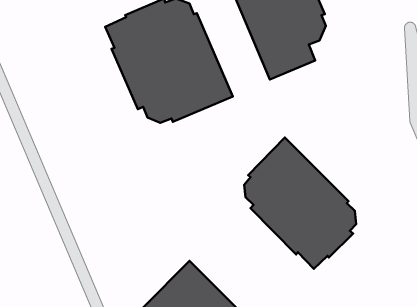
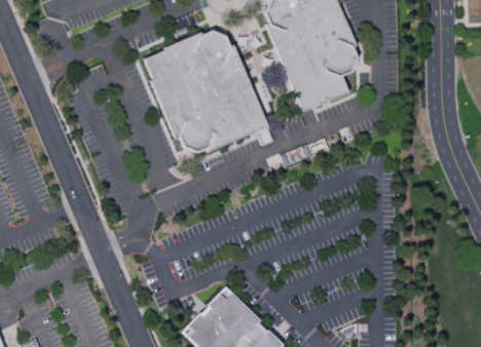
building: [244,138,356,269] -> none

